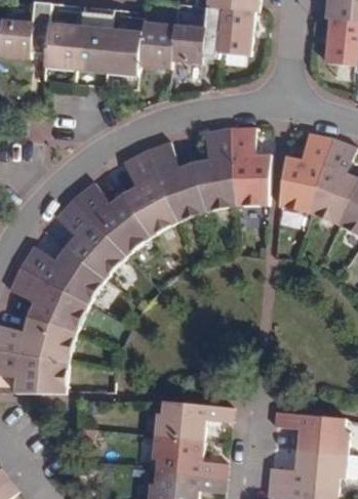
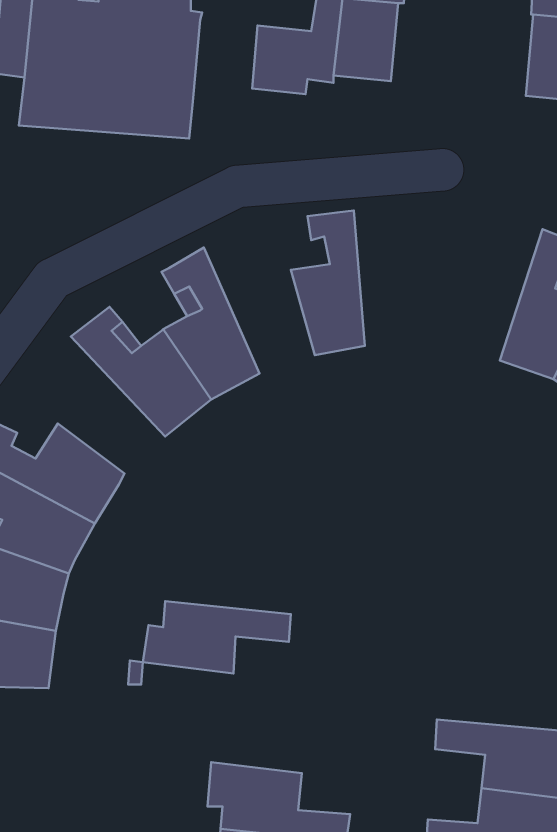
building: [141,23,176,72] -> none
building: [230,127,270,203] -> none
building: [280,133,334,211] -> none
building: [147,140,208,218] -> none
building: [56,198,125,274] -> none
building: [151,400,233,440] -> [143,601,291,673]

